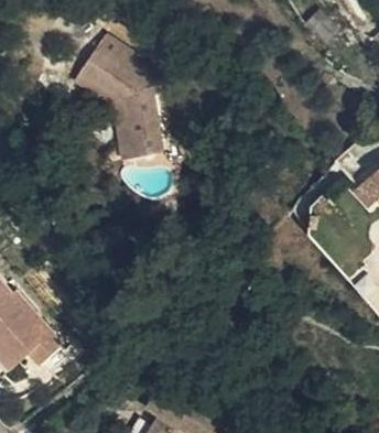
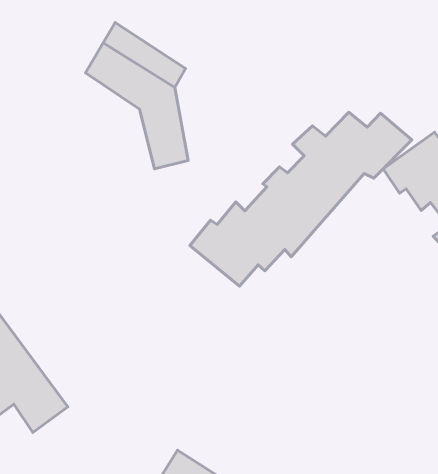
building: [80,85,144,165] -> none
building: none -> [190,112,412,286]

